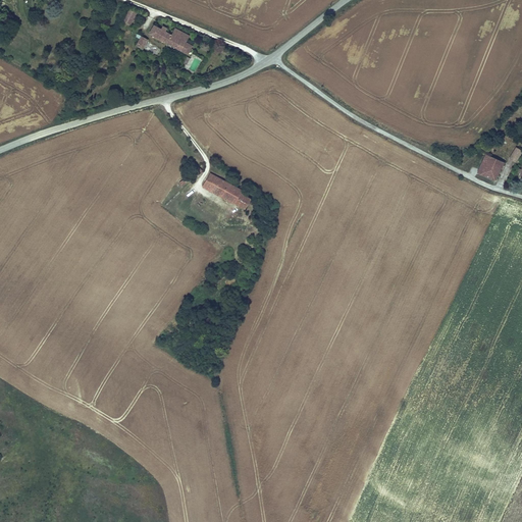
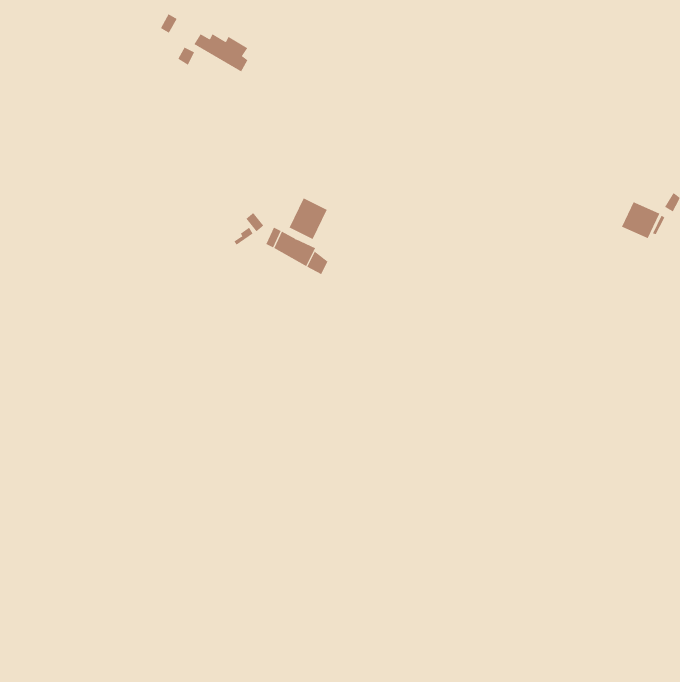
building: none -> [289,198,327,240]

